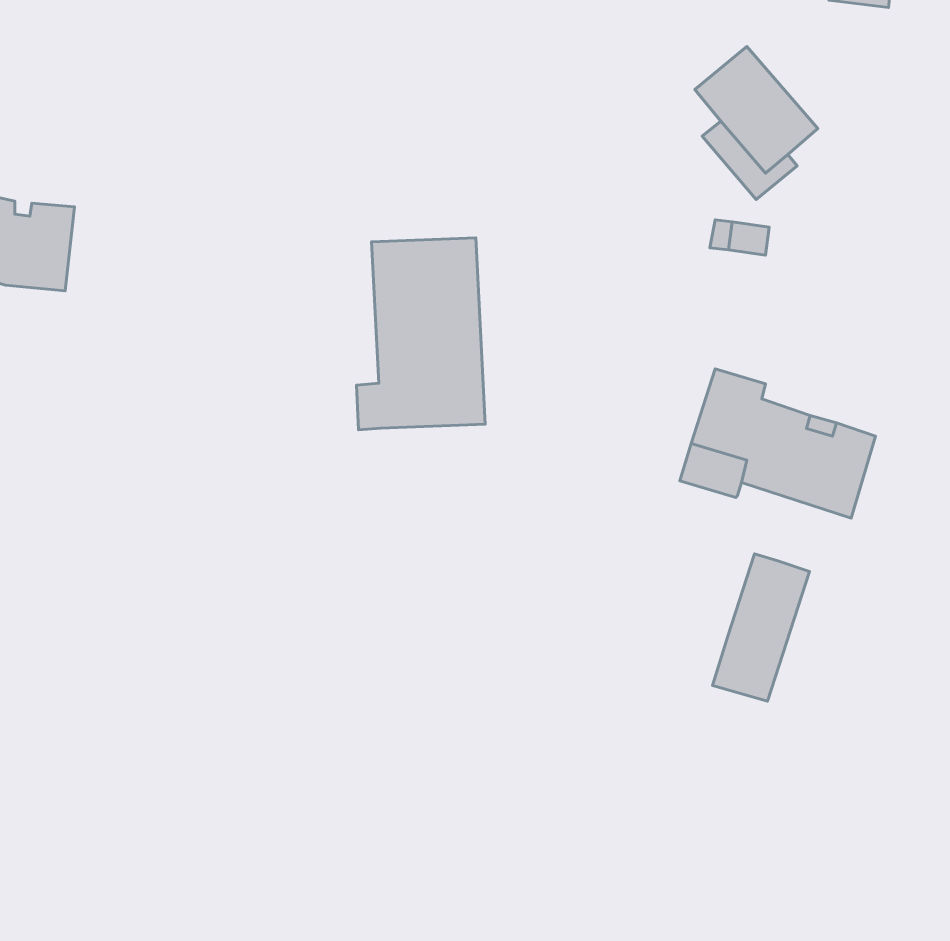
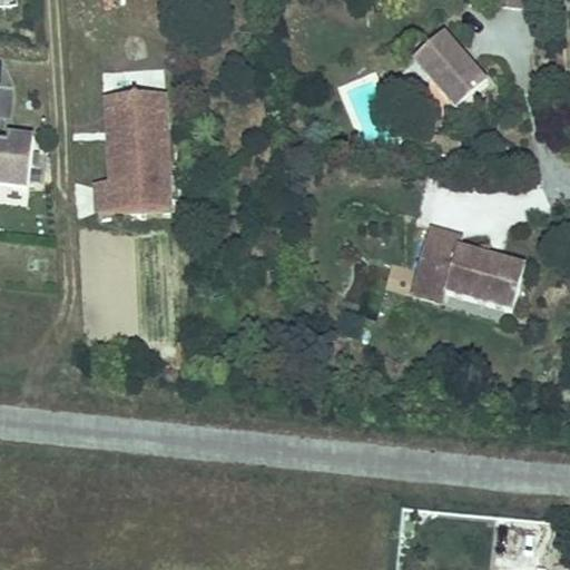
building: [356,238,485,430] -> [94,94,170,208]
building: [713,554,810,701] -> none

